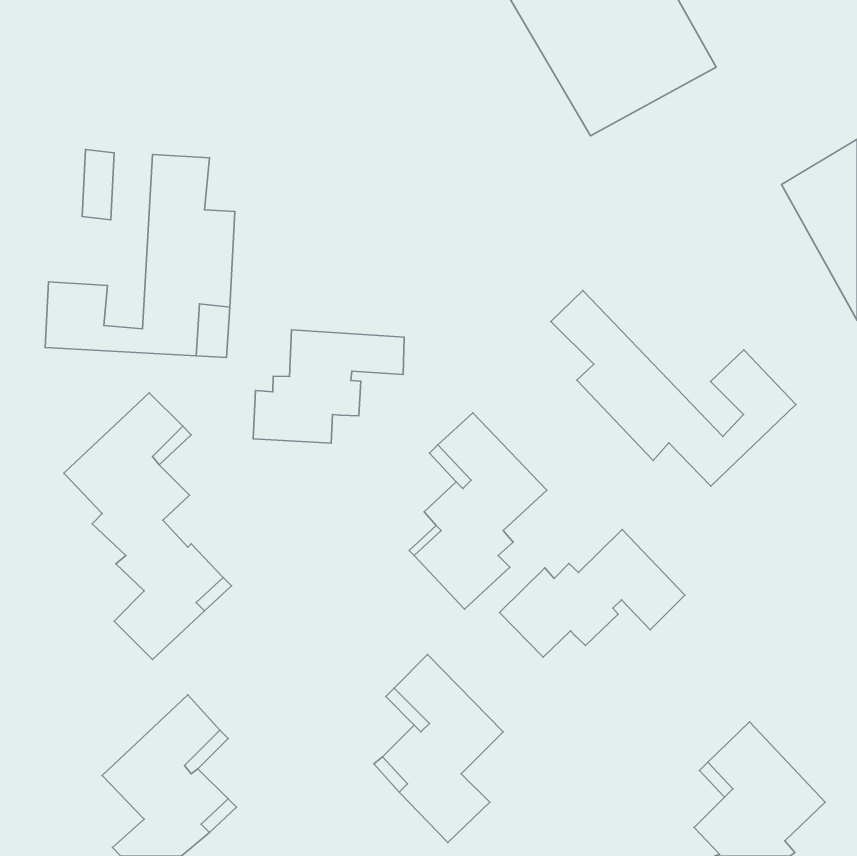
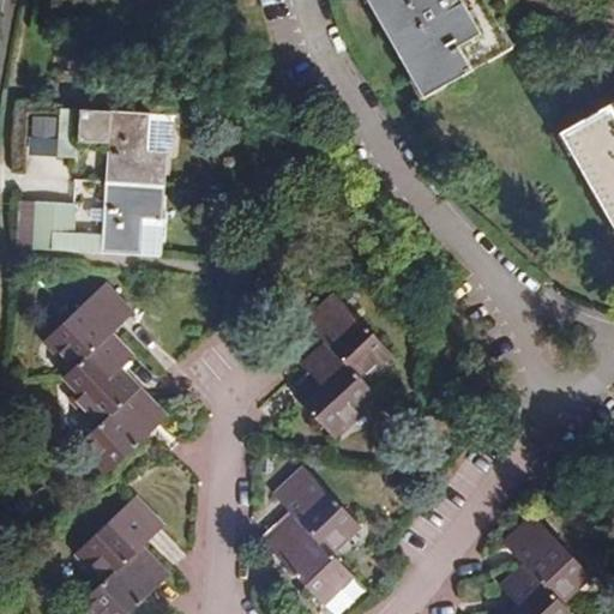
building: [551,291,796,486] -> none
building: [253,330,404,443] -> none
building: [499,529,685,657] -> none

